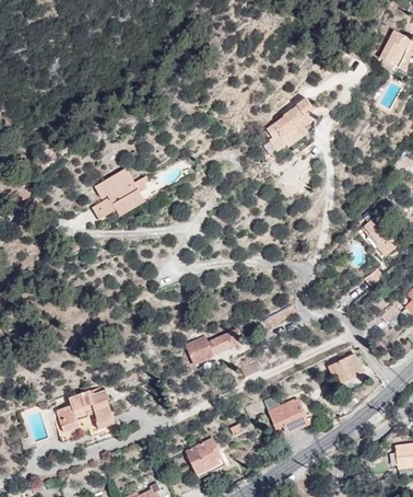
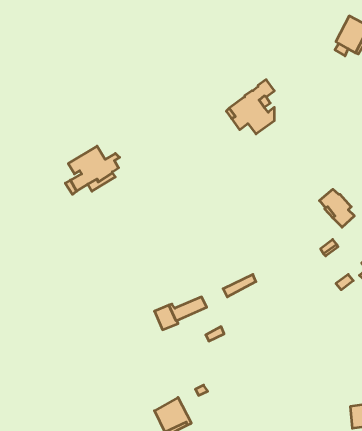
building: [328,354,362,382] -> none
building: [55,390,114,443] -> none
building: [263,395,308,434] -> none

